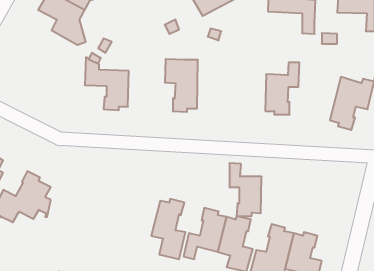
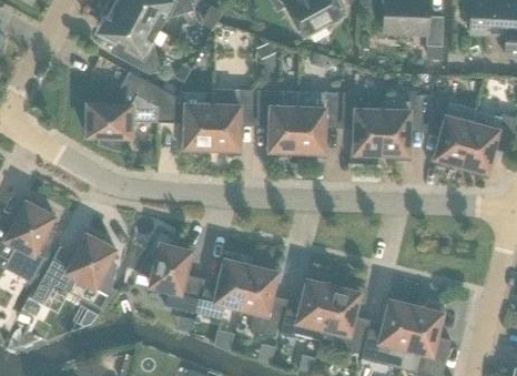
building: none -> [82,71,159,150]
building: none -> [211,89,253,154]
building: none -> [296,91,337,156]
building: none -> [429,96,475,166]
building: [229,163,262,216] -> [342,92,382,157]
building: none -> [138,242,200,313]
building: none -> [197,254,251,319]

